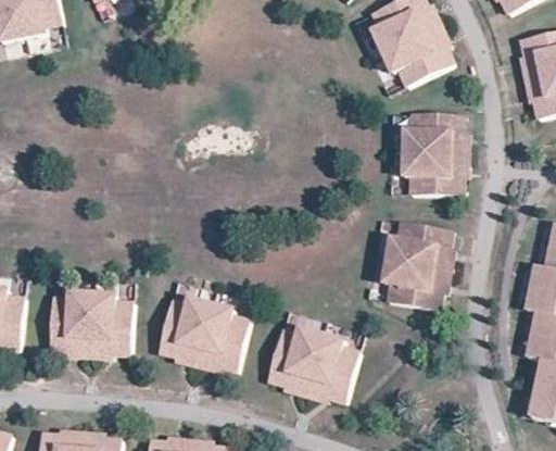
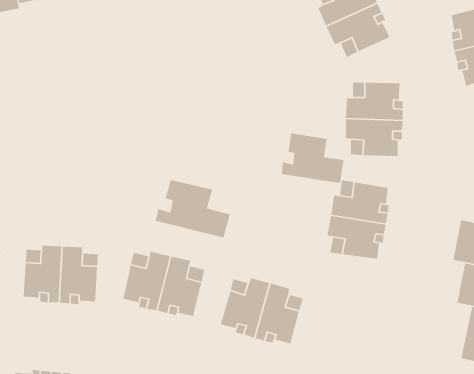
building: none -> [281,133,344,184]
building: none -> [155,179,231,239]

